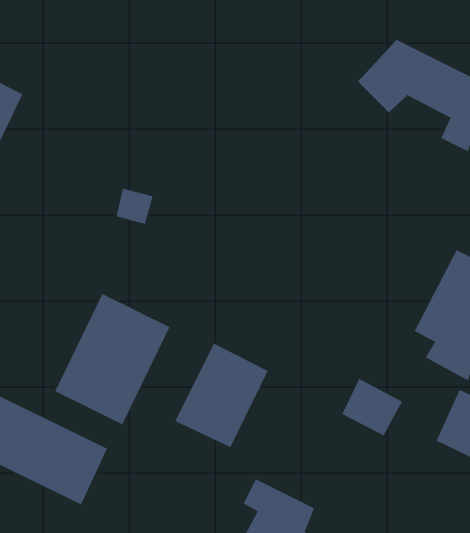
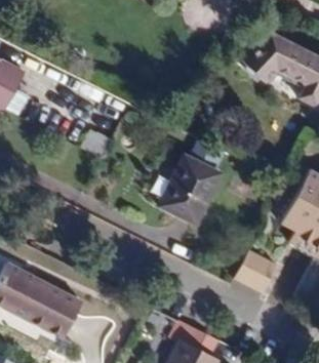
building: [54,293,170,425] -> none
building: [174,343,268,448] -> [158,154,220,223]

